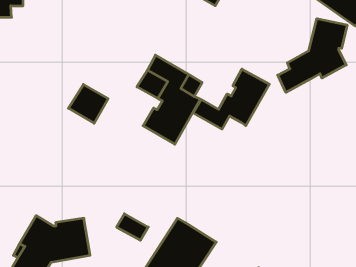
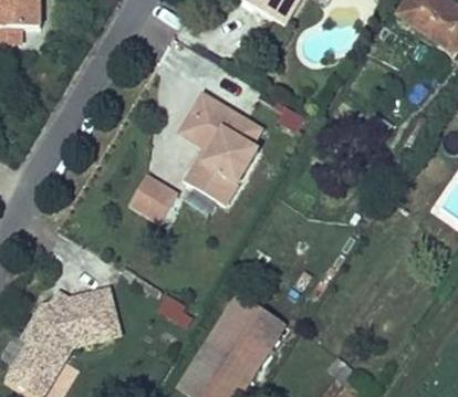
building: [278,19,347,92] -> none
building: [193,69,269,129] -> none
building: [68,84,108,123] -> [129,171,179,220]

